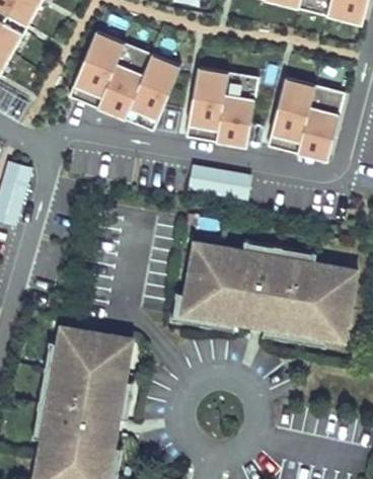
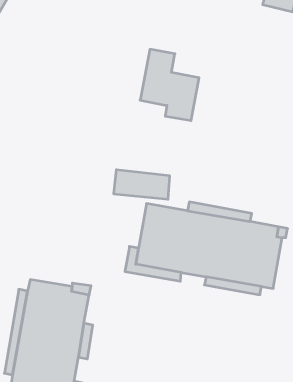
building: [71,29,179,121] -> none
building: [273,78,340,161] -> none
building: [186,165,250,198] -> [114,170,170,199]

